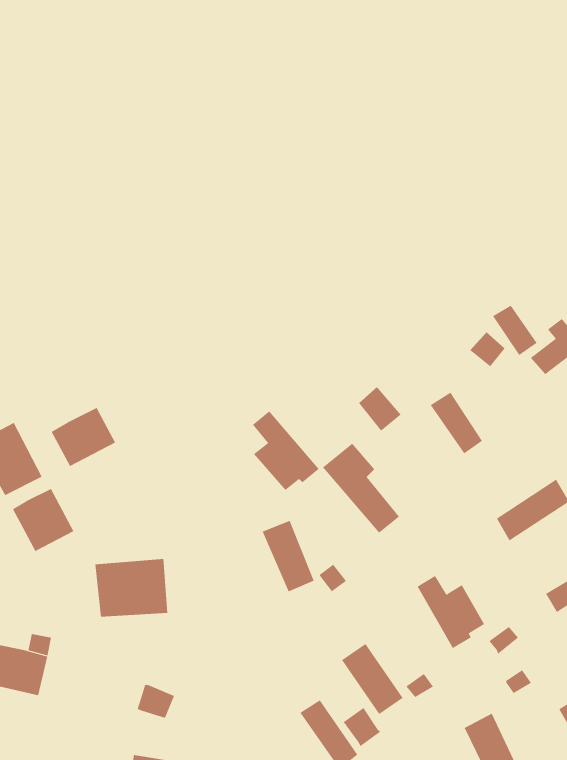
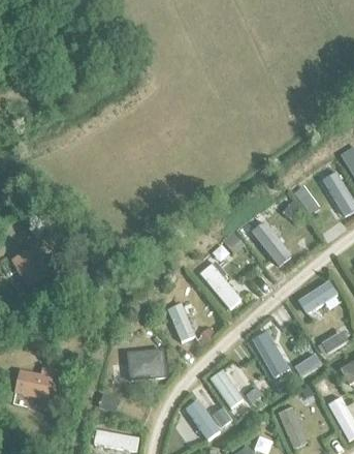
building: [51,407,116,467] -> none
building: [252,411,319,491] -> none
building: [12,488,74,552] -> none
building: [94,559,168,617] -> [127,349,167,381]

